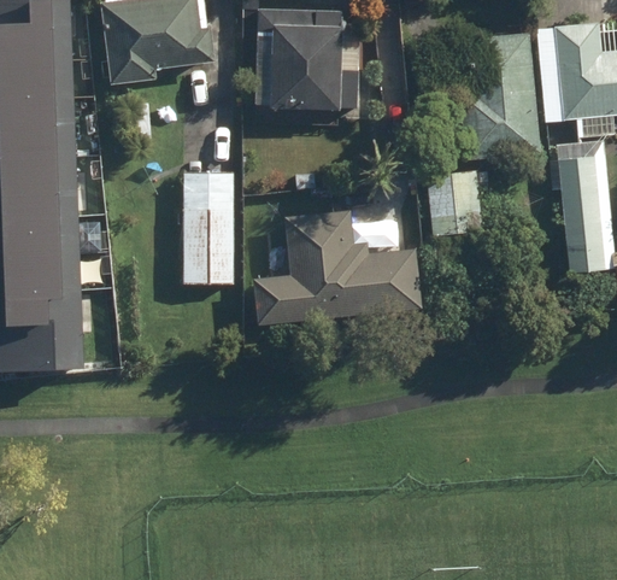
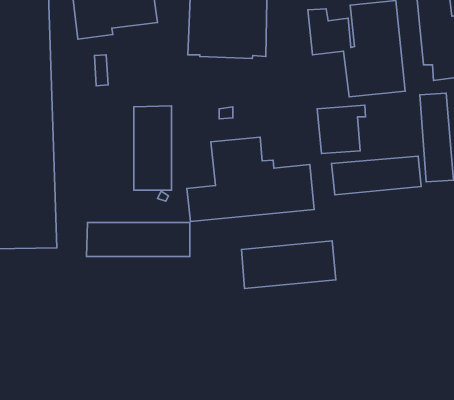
building: none -> [332,156,421,195]
building: none -> [86,223,190,256]
building: none -> [242,241,336,289]

